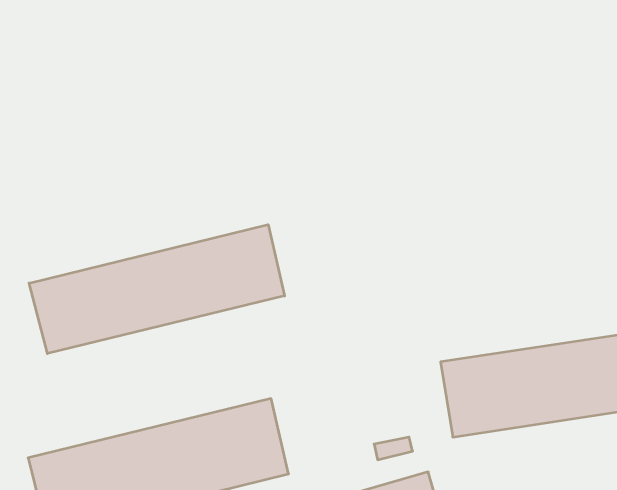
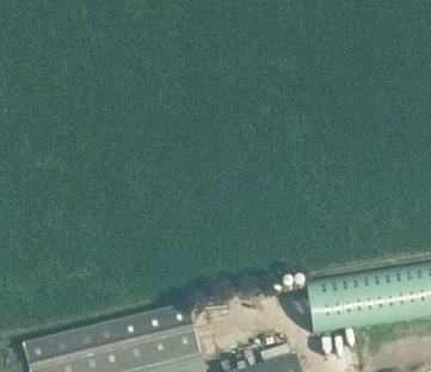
building: [29,225,285,354] -> none

